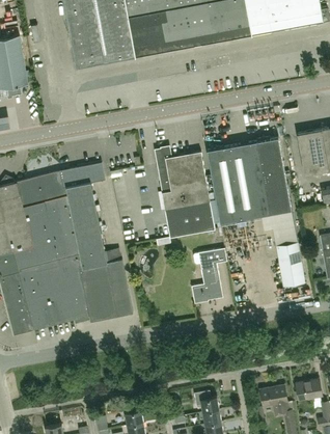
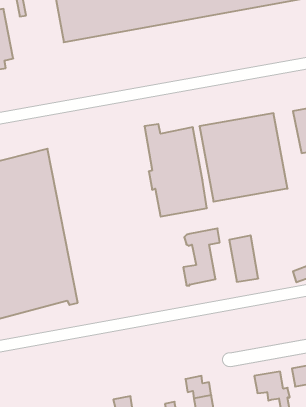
building: [60,163,132,322] -> none
building: [276,242,304,287] -> [229,235,258,282]

